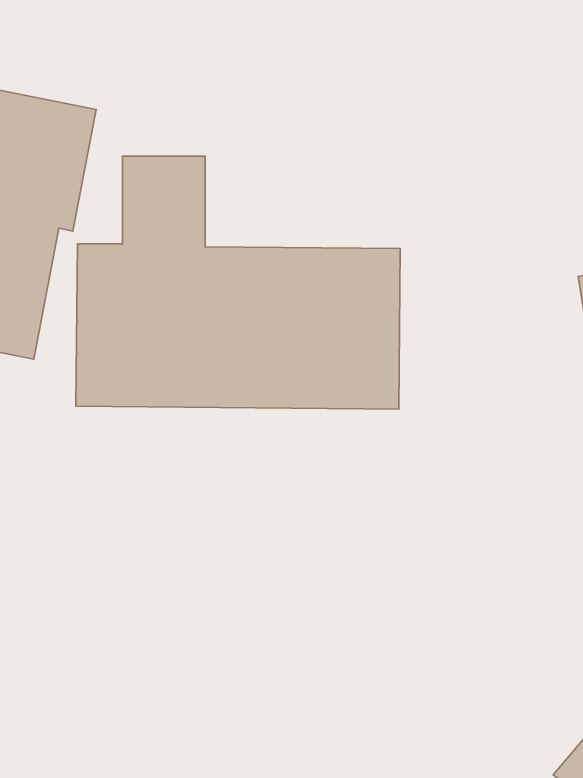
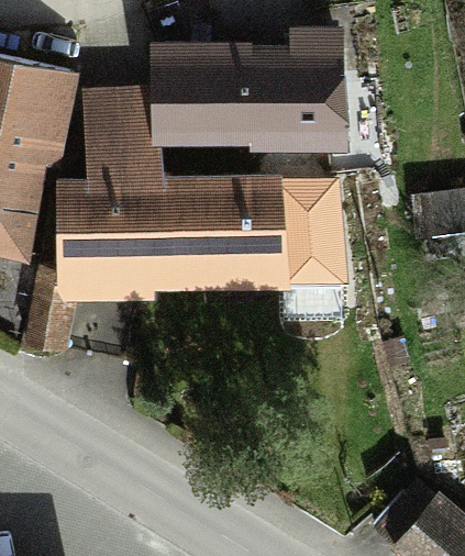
building: none -> [150,45,341,142]
building: none -> [286,178,337,309]

